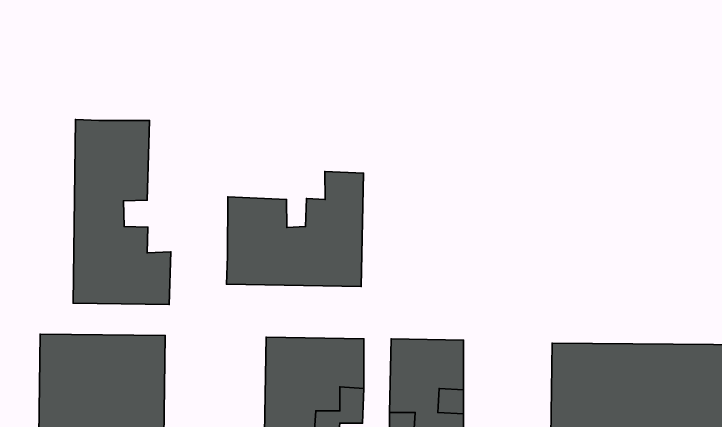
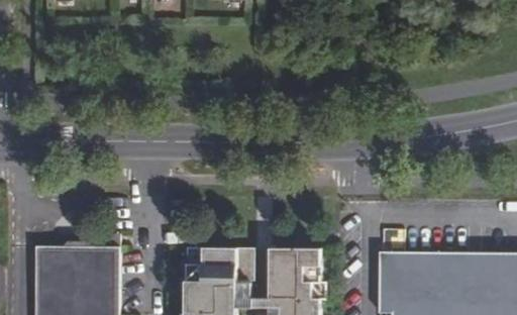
building: [73,120,171,305] -> none
building: [227,172,363,286] -> none

